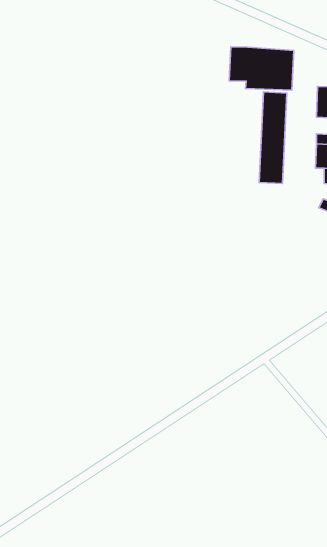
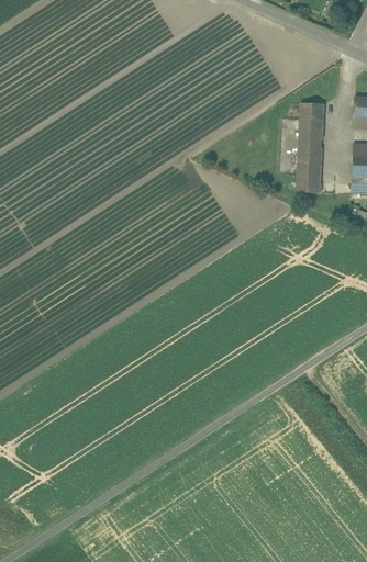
building: [229,47,294,90] -> none

